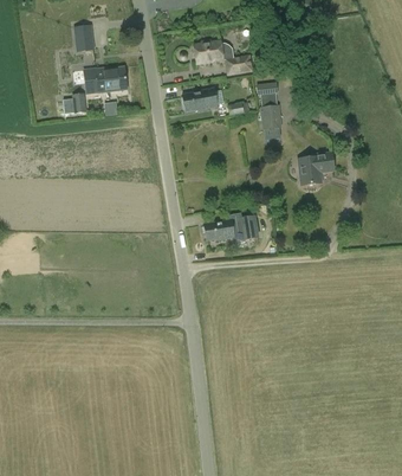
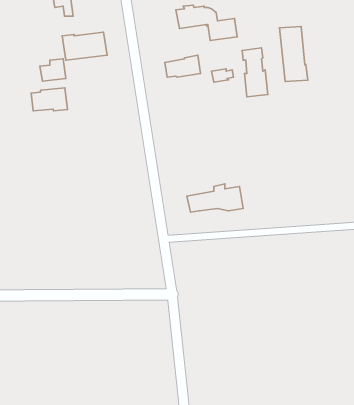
building: none -> [279,27,308,82]
building: none -> [31,88,68,111]
building: [298,154,335,186] -> none

